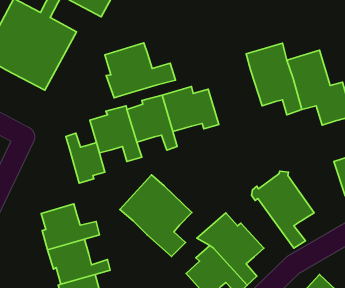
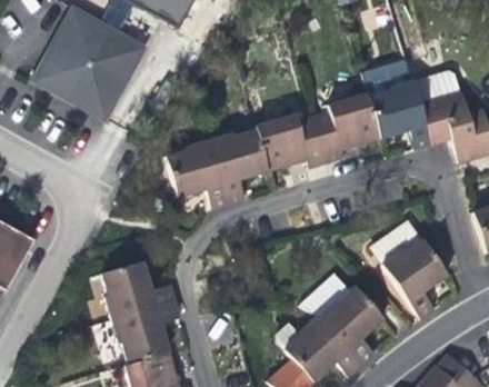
building: [105,43,175,98] -> none
building: none -> [313,93,381,162]
building: [66,133,105,183] -> none
building: [120,175,192,257] -> none

